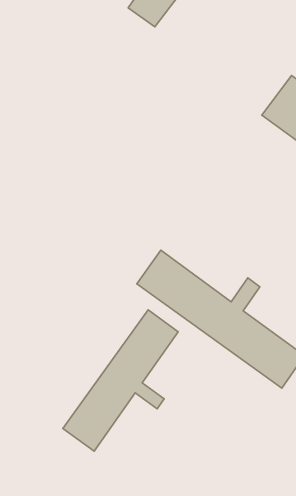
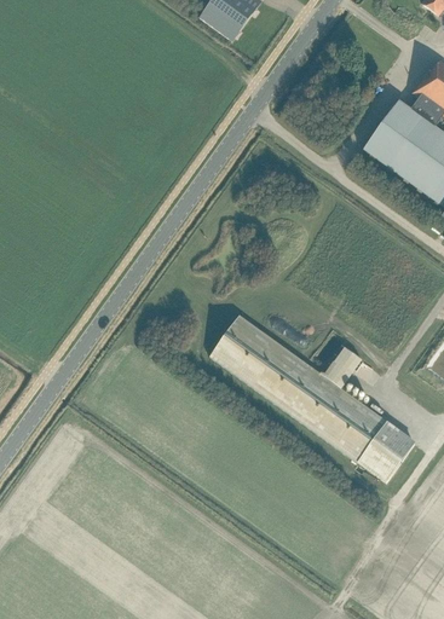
building: [63,310,178,451] -> none

